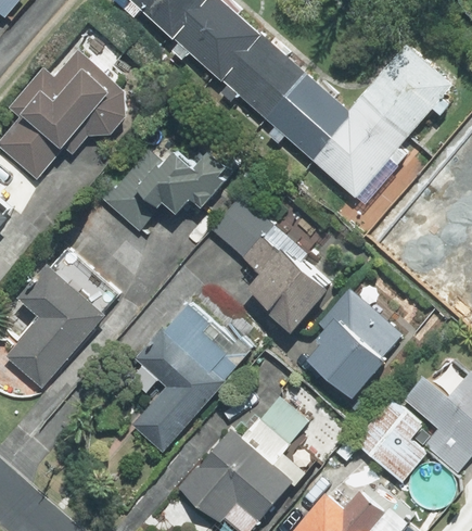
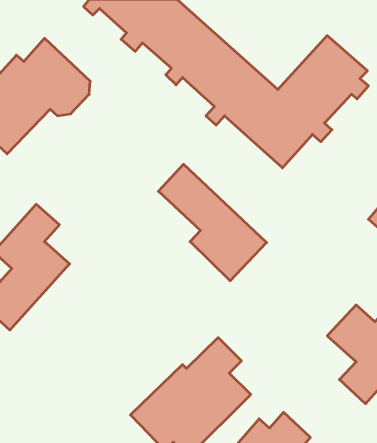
building: [104,136,238,232] -> none
building: [311,290,401,395] -> none
building: [128,301,255,453] -> none
building: [357,402,424,482] -> none

